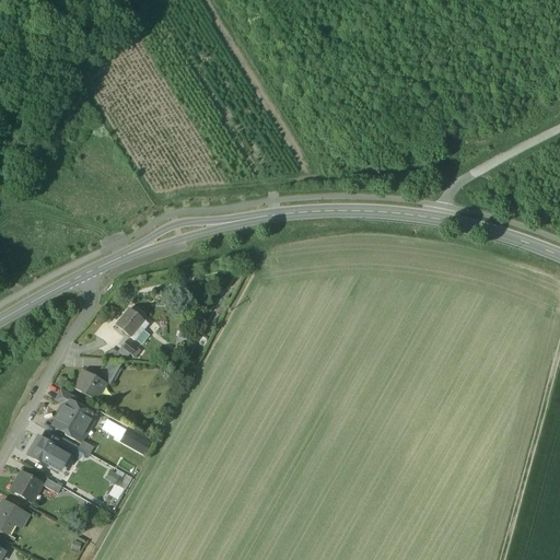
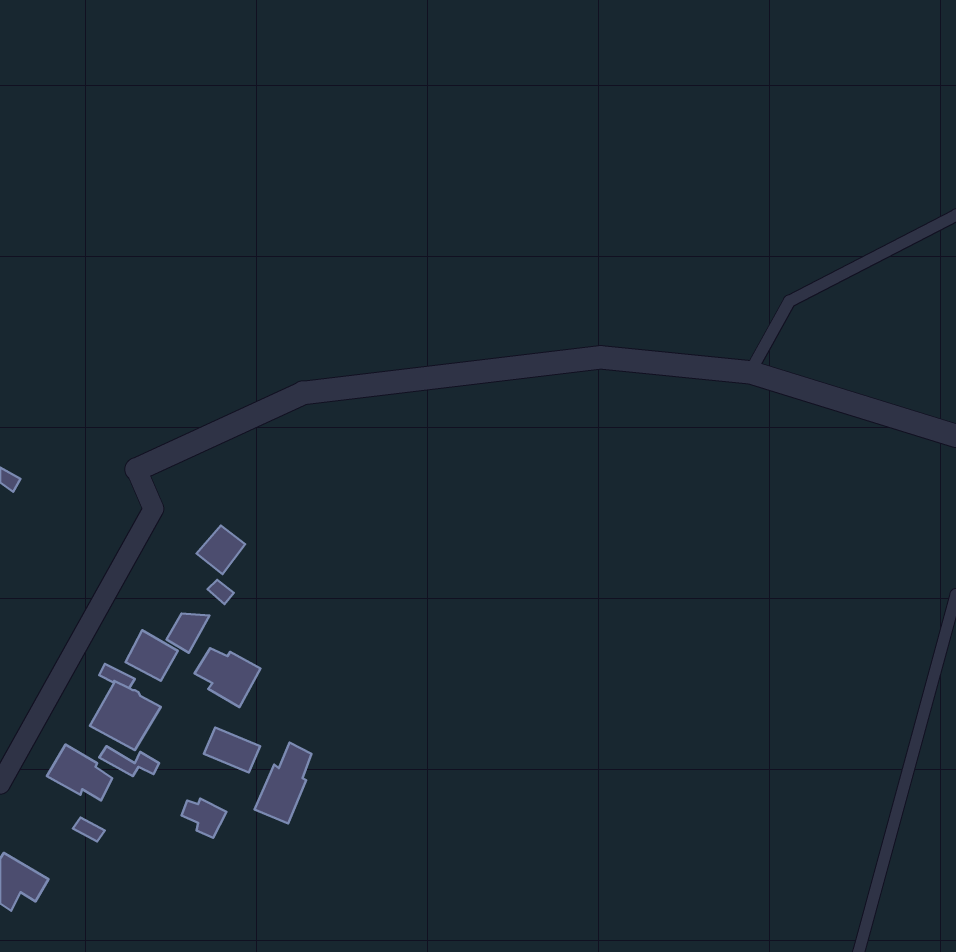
building: none -> [195,648,261,707]
building: none -> [254,742,311,824]
building: [11,470,40,500] -> none

